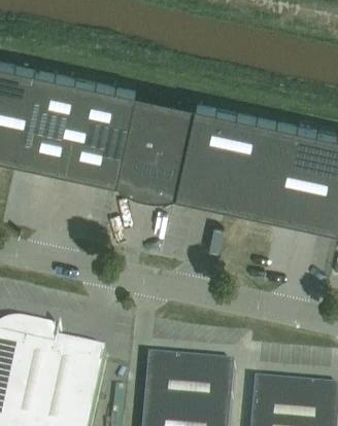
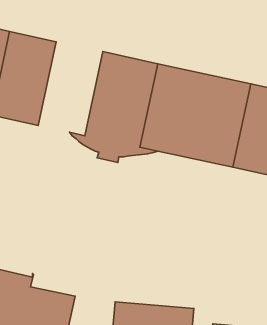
building: [65,78,135,180] -> none

